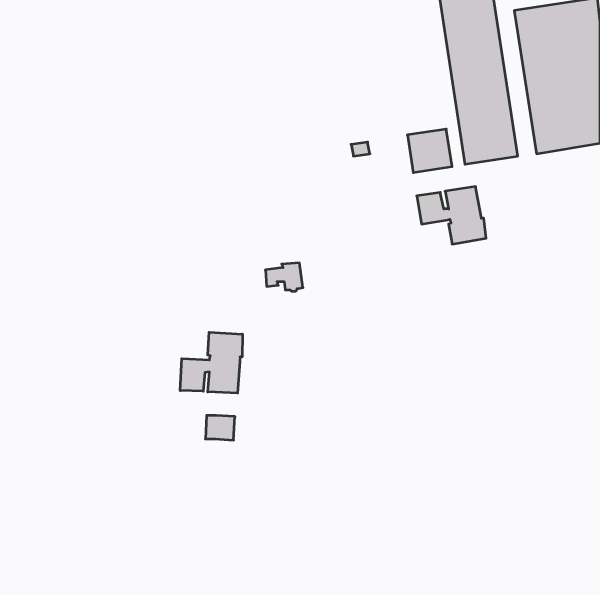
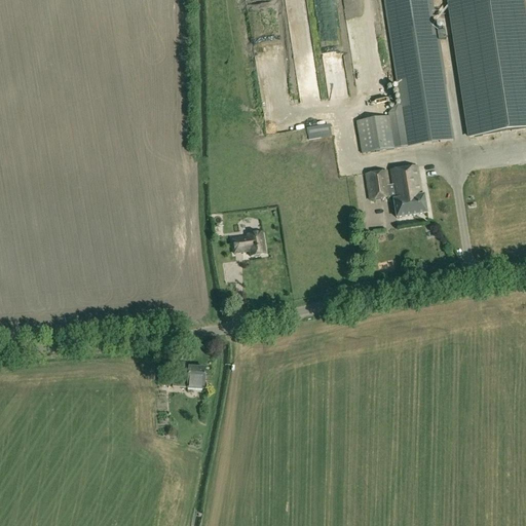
building: [180,332,242,393] -> none

